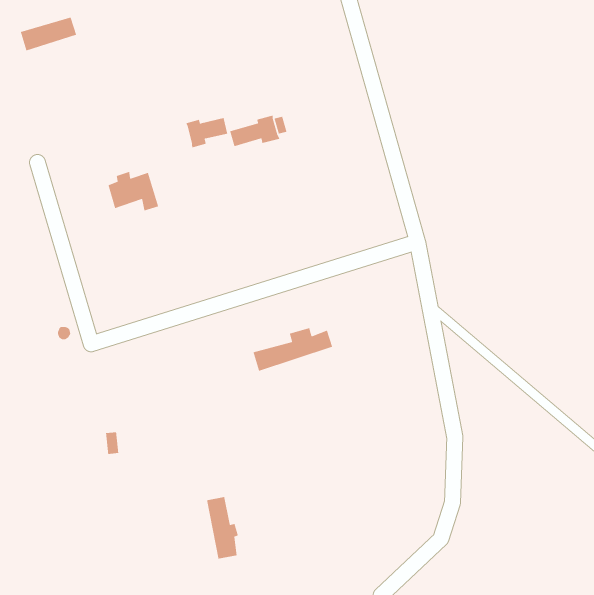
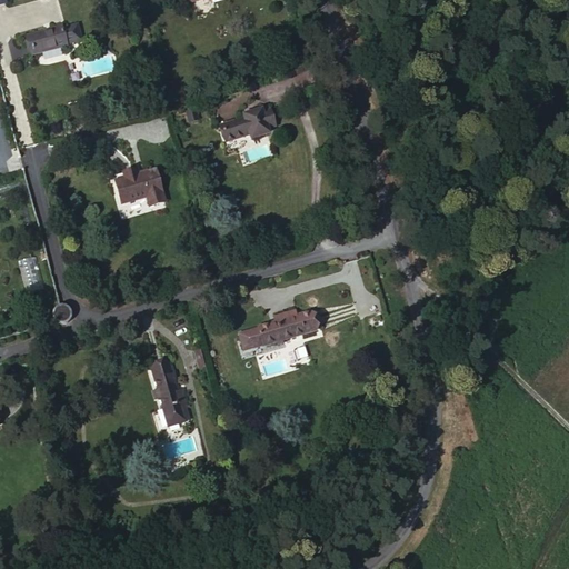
building: [185,117,228,148] -> none
building: [206,496,239,559] -> [156,370,187,430]

